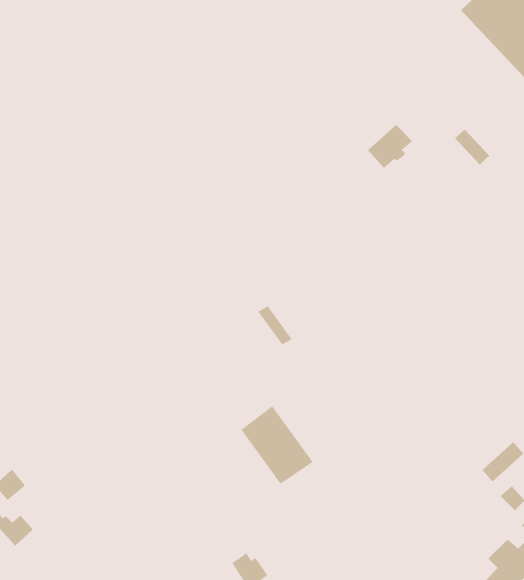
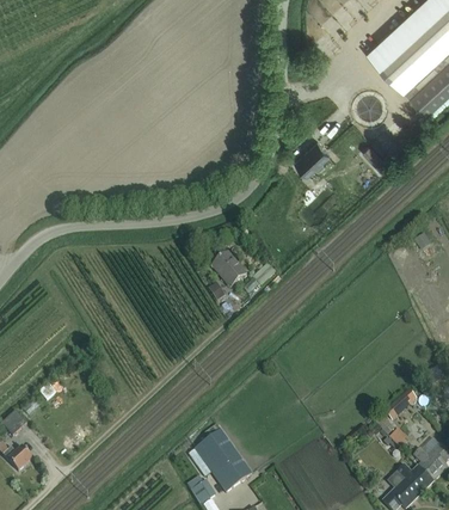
building: none -> [211,252,246,285]
building: [240,405,314,485] -> [195,430,252,492]

